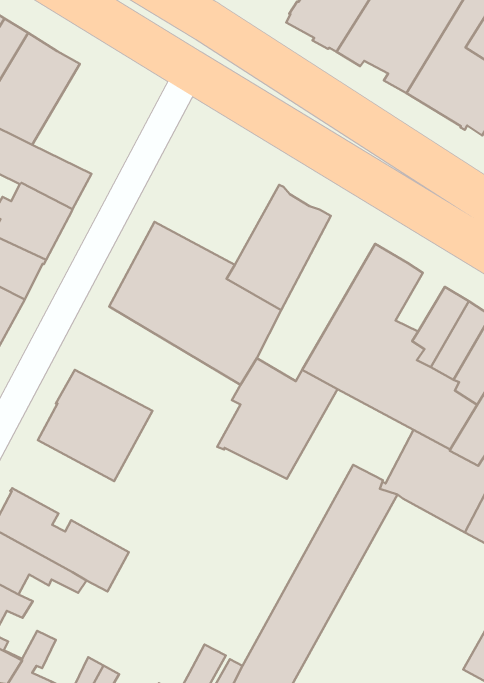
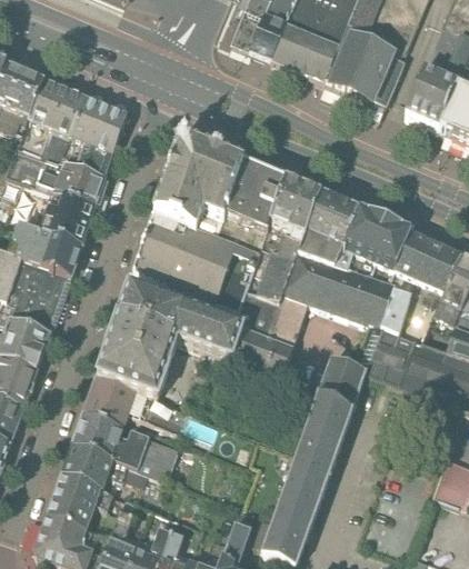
building: none -> [60,92,128,171]
building: none -> [158,134,245,221]
building: none -> [248,174,321,299]
building: none -> [345,206,377,249]
building: none -> [117,281,241,356]
building: none -> [84,371,189,428]

